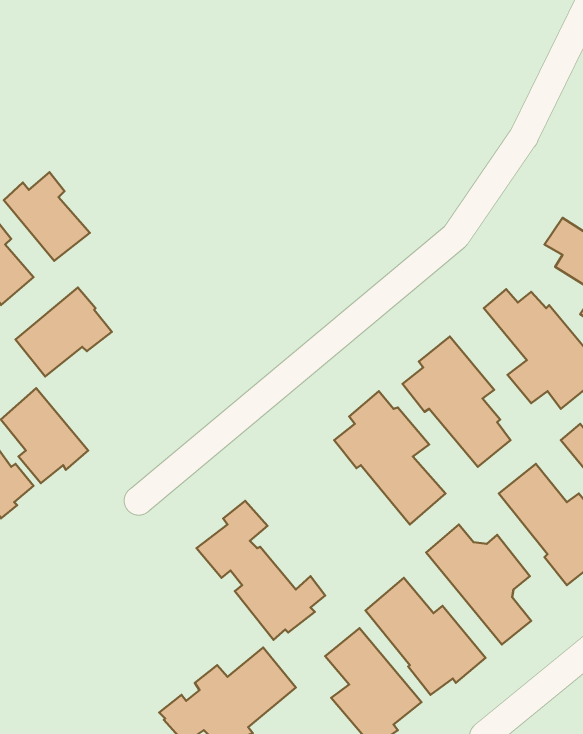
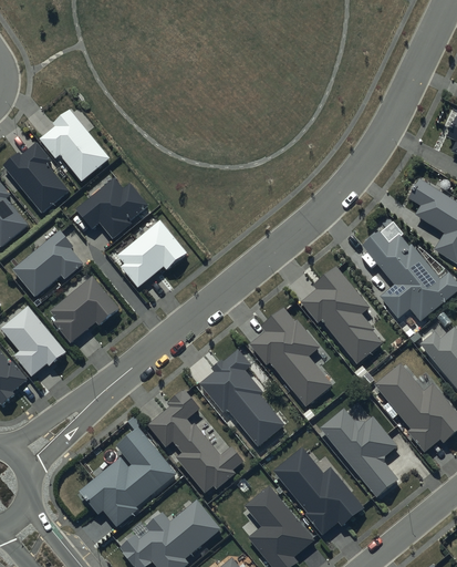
building: none -> [39,110,110,182]
building: none -> [77,177,146,237]
building: none -> [117,220,187,288]
building: none -> [52,277,118,341]
building: none -> [198,349,284,447]
building: none -> [77,427,176,527]

